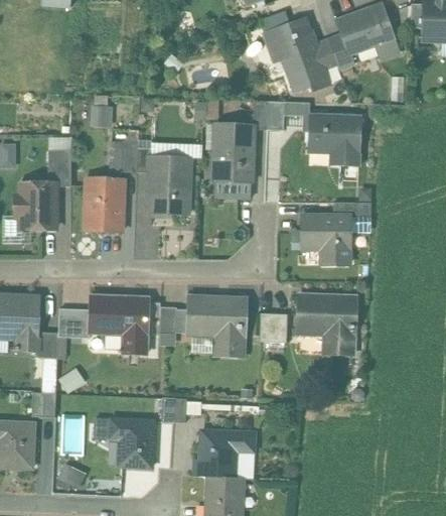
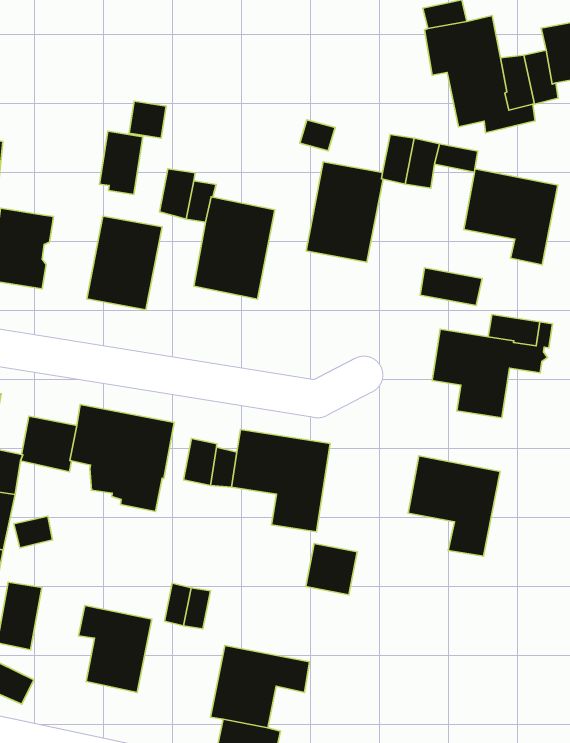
building: [48,150,70,186] -> [99,131,143,194]
building: [214,180,251,199] -> [420,268,482,306]
building: [259,312,287,341] -> [306,544,357,595]

